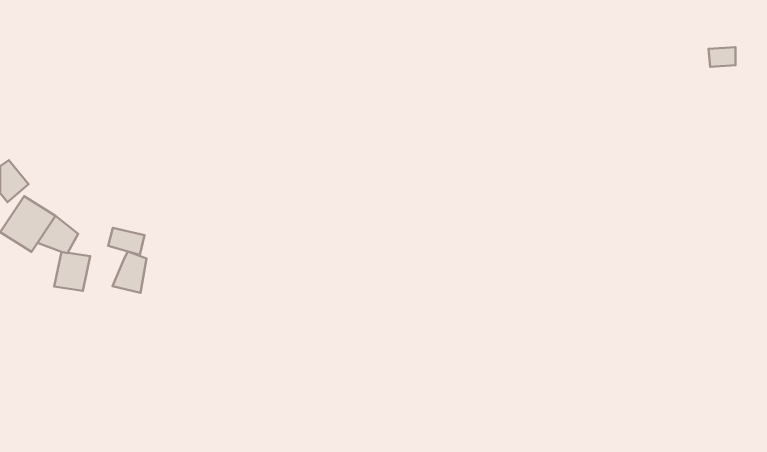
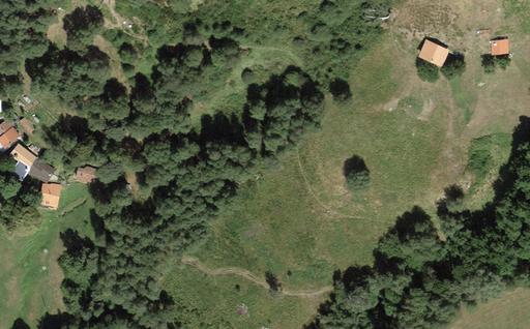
building: none -> [418,40,446,66]
building: [112,251,146,293] -> none

